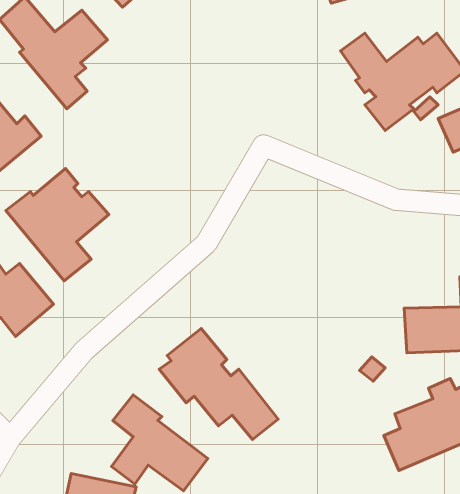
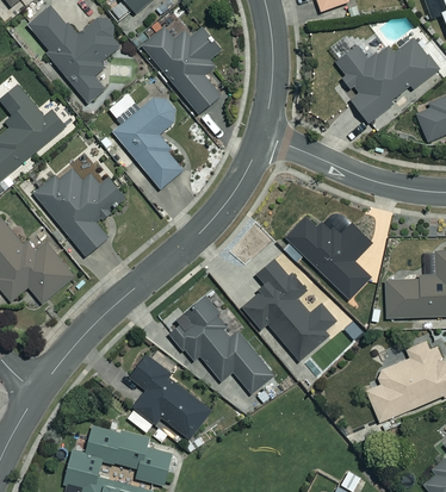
building: none -> [142,21,223,113]
building: none -> [111,96,185,189]
building: none -> [285,217,372,300]
building: none -> [240,260,337,362]

